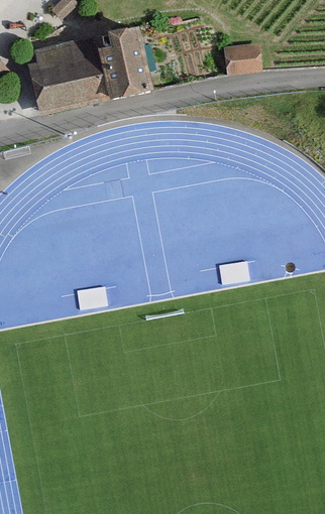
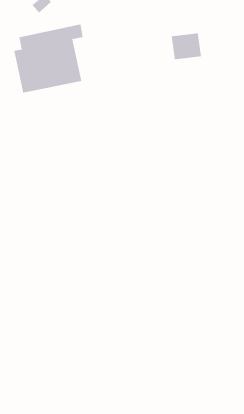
building: [103,24,157,101] -> none

